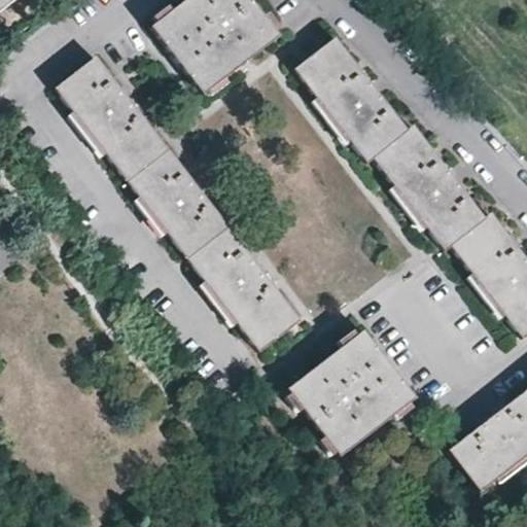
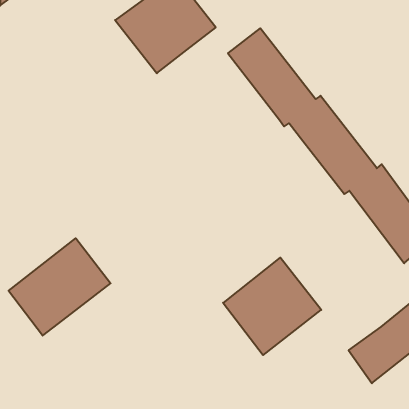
building: [57,57,298,350] -> none
building: none -> [9,238,111,336]

